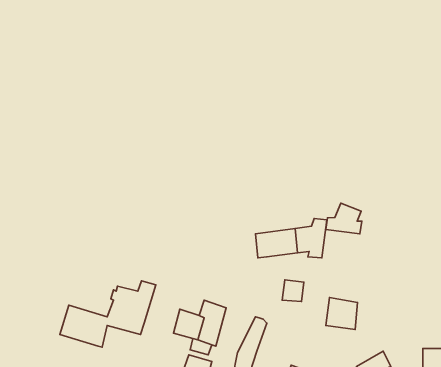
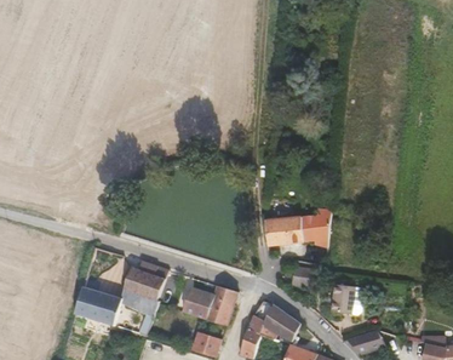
building: [326,203,362,234] -> none
building: none -> [262,310,300,347]

